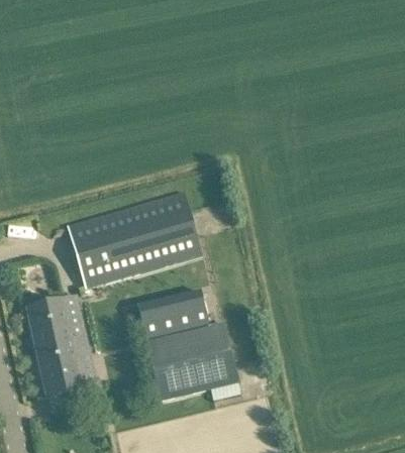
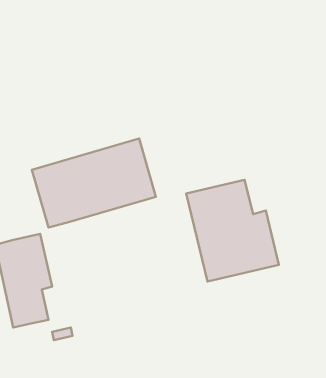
building: [136,289,237,400] -> [186,180,279,282]

